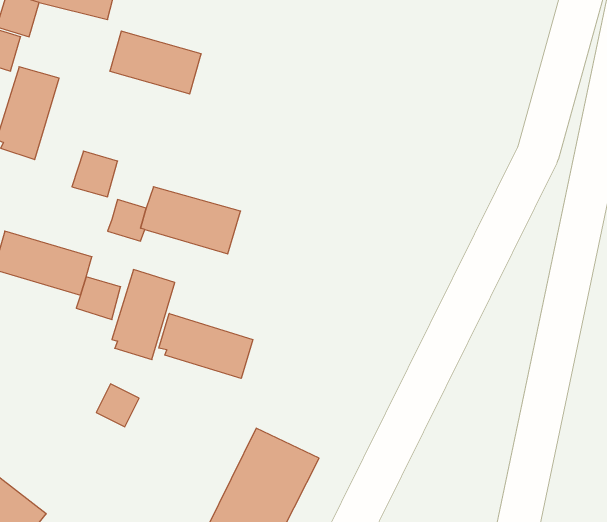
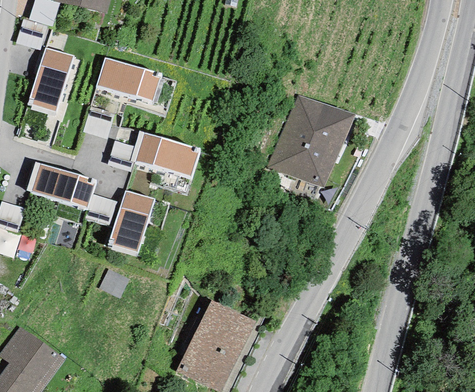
building: [110,31,201,94] -> [97,57,161,101]
building: none -> [268,93,353,189]
building: [159,313,253,378] -> none

